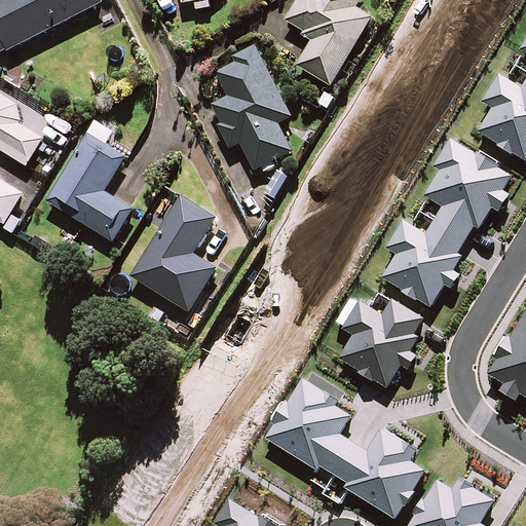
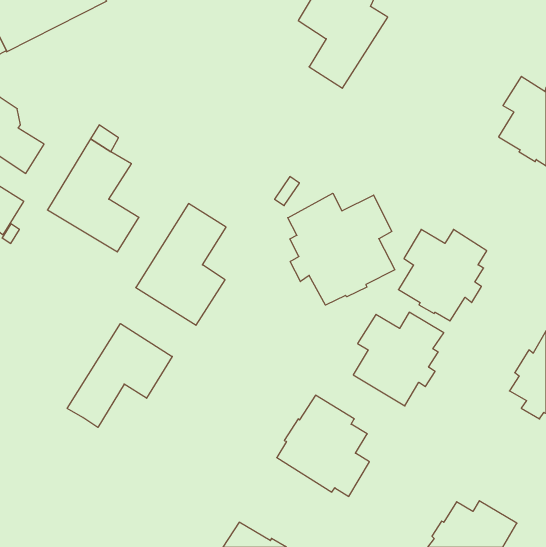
building: [208,44,290,170] -> none
building: [423,138,510,239] -> none
building: none -> [288,193,395,305]
building: none -> [67,324,172,427]
building: [333,427,425,517] -> none

